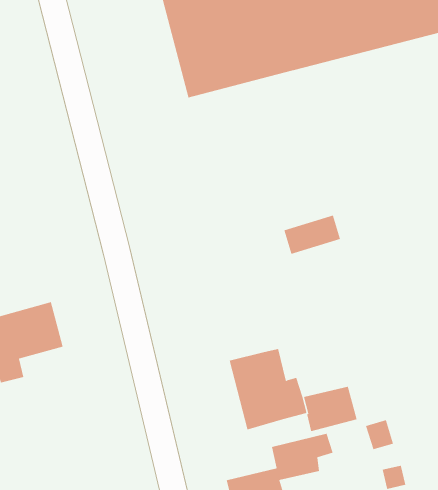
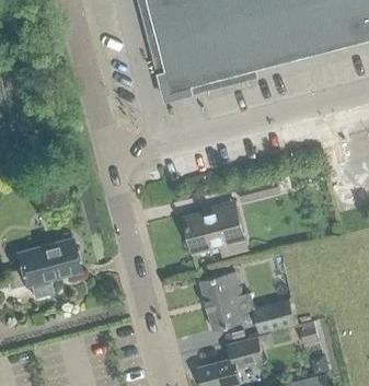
building: none -> [183,203,245,256]

